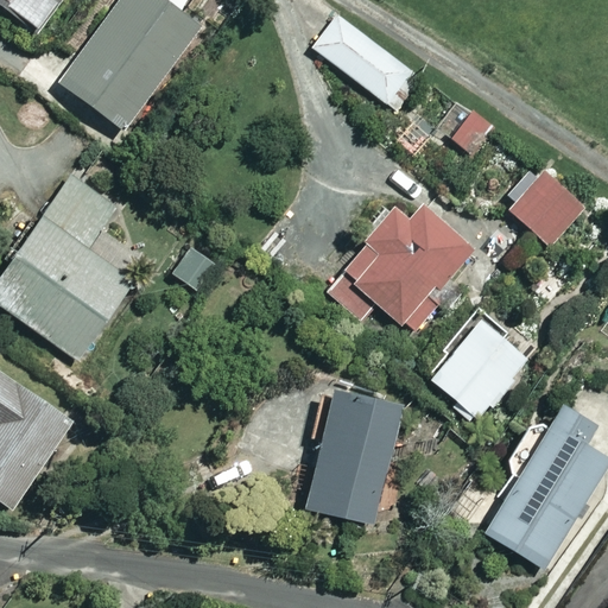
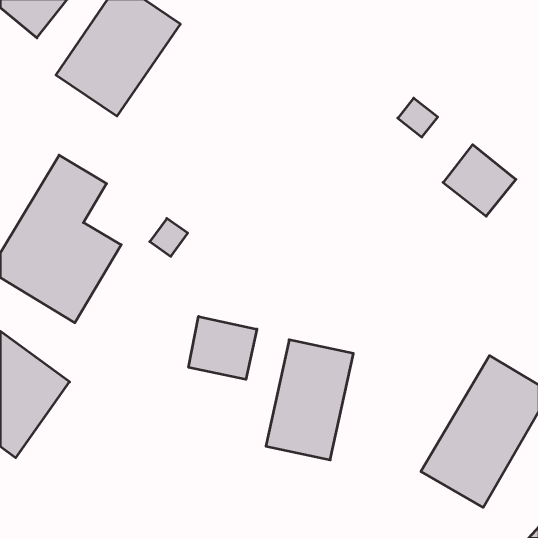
building: [310,13,414,103] -> none
building: [319,197,469,332] -> none
building: [422,312,526,417] -> none
building: none -> [189,316,257,379]

